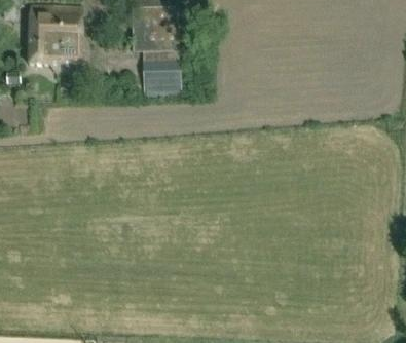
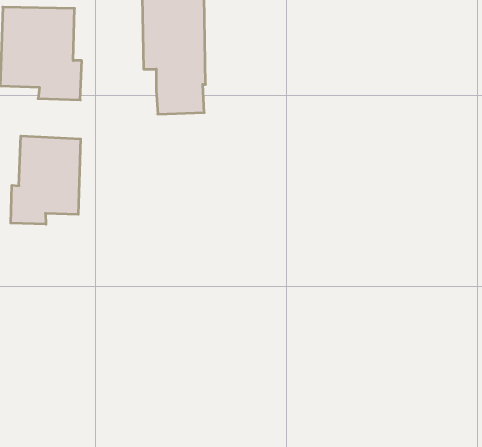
building: none -> [11,136,81,224]

